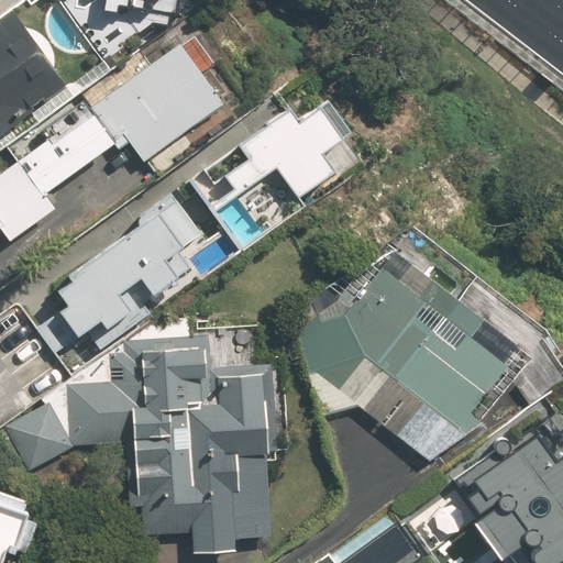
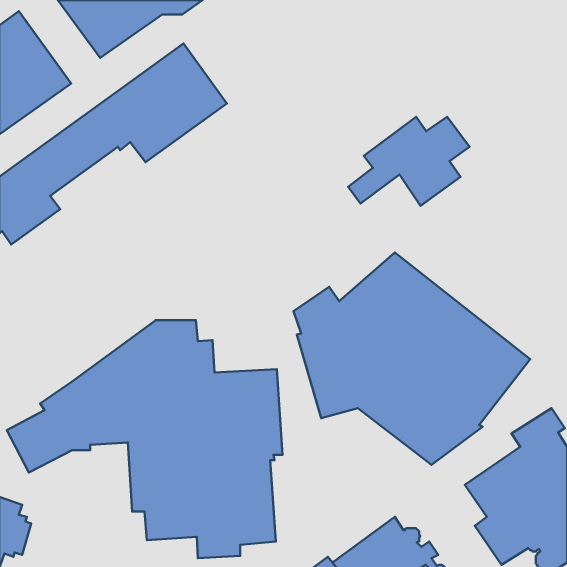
building: [224,107,344,195] -> [348,117,469,206]
building: [54,190,203,347] -> none

